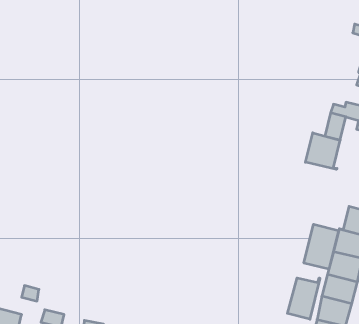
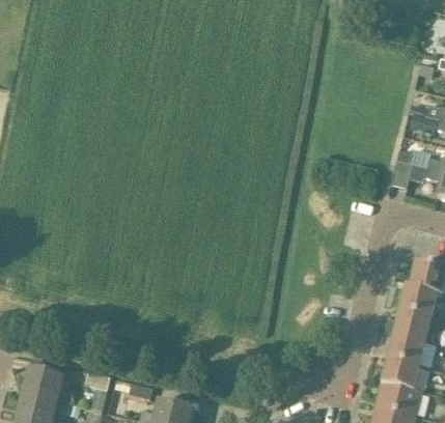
building: [305,133,340,169] -> none
building: [304,224,339,269] -> none
building: [287,278,320,319] -> none

